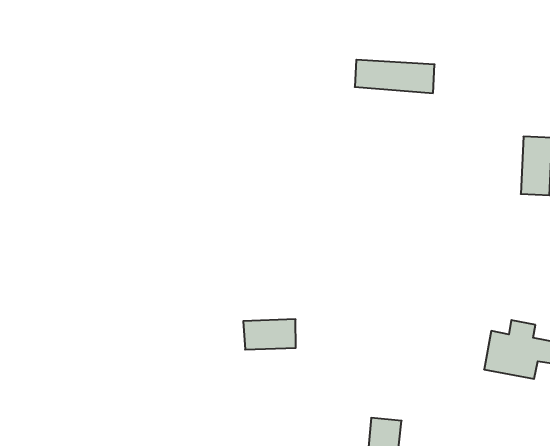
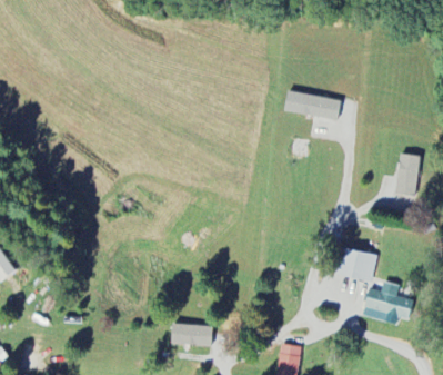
building: none -> [334,247,377,283]
building: [243,319,296,350] -> [171,324,208,345]

